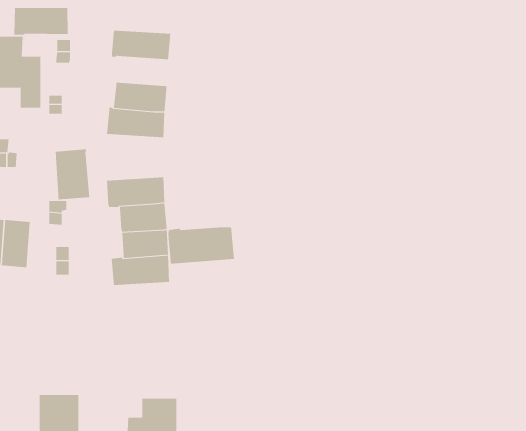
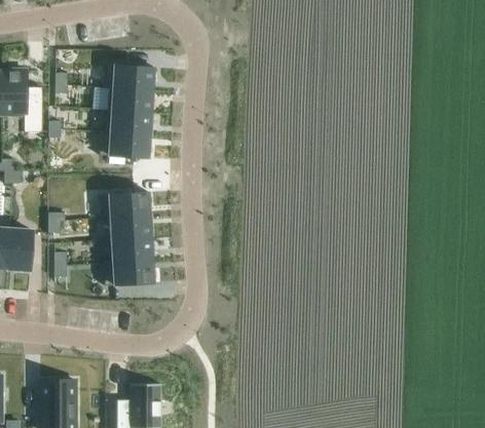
building: [14,7,68,35] -> none
building: none -> [107,87,153,113]
building: [55,148,90,200] -> none
building: [168,226,234,264] -> none

